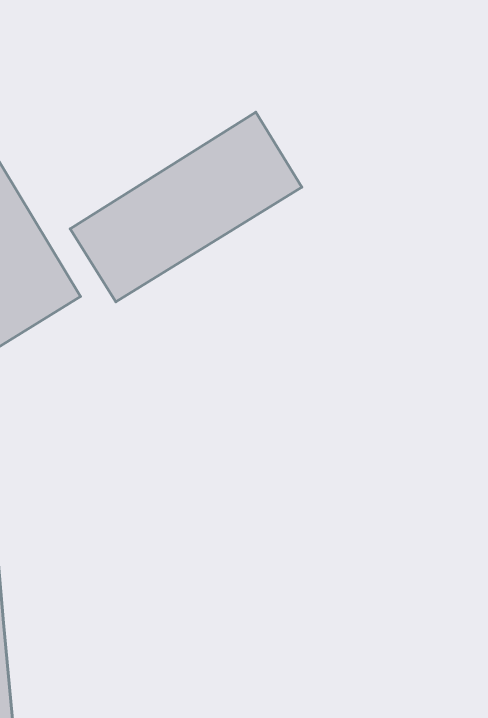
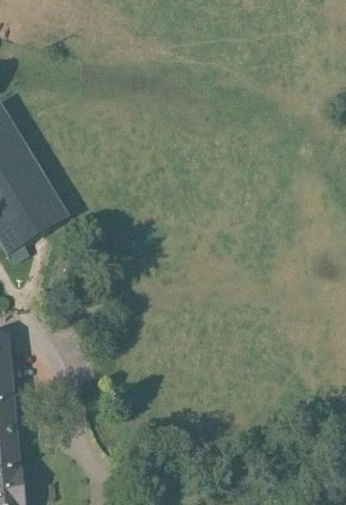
building: [70,112,302,302] -> none

